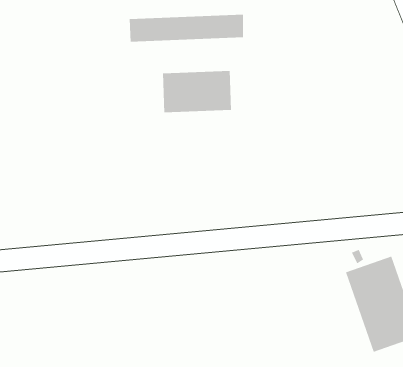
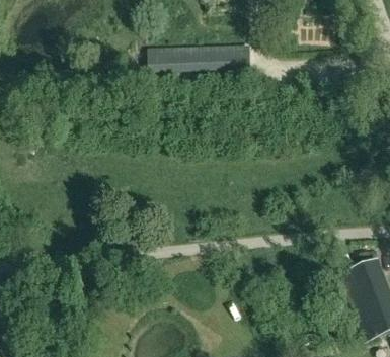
building: [162,70,232,113] -> none

